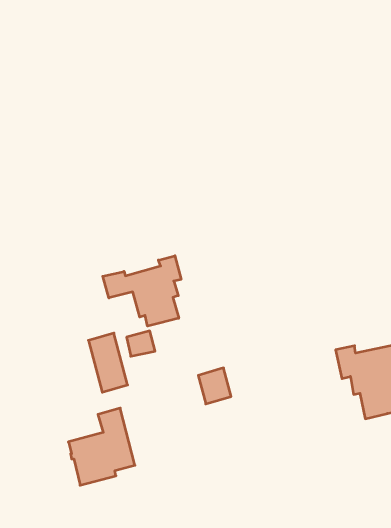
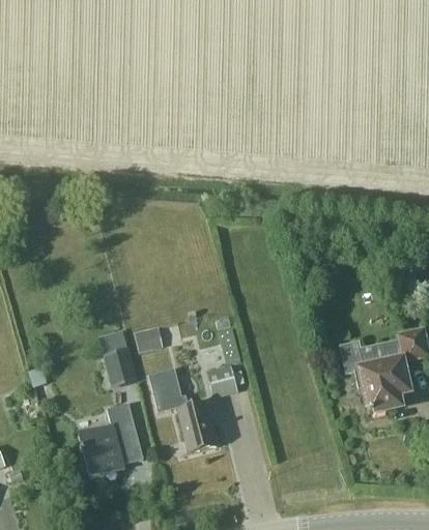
building: [103,256,181,326] -> none
building: none -> [147,367,217,452]

